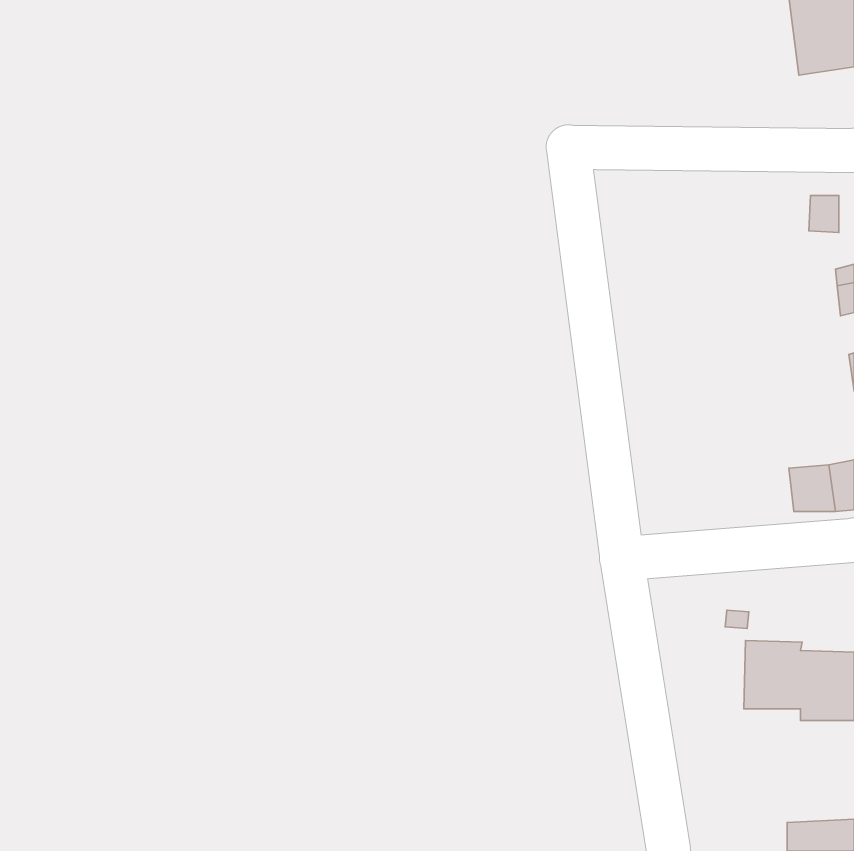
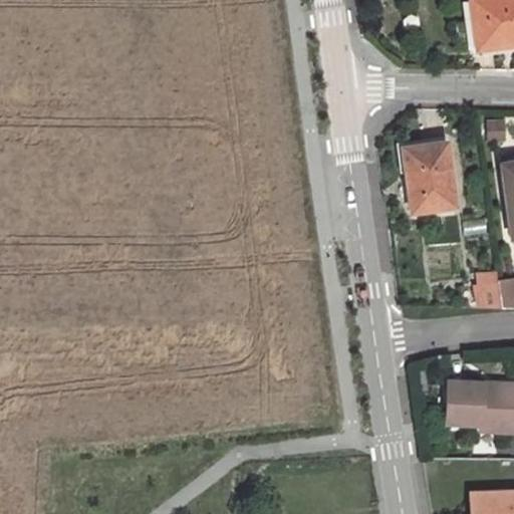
building: none -> [405,141,456,208]

